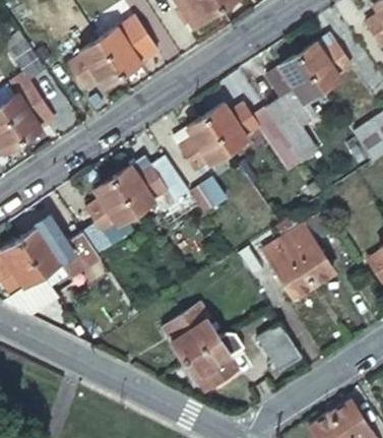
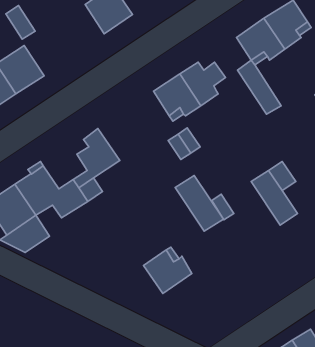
building: [72,40,120,92] -> none
building: [242,113,301,171] -> none
building: [113,155,187,213] -> none
building: [262,237,316,299] -> [175,176,223,231]
building: [256,325,300,373] -> none
building: [185,334,239,393] -> none

